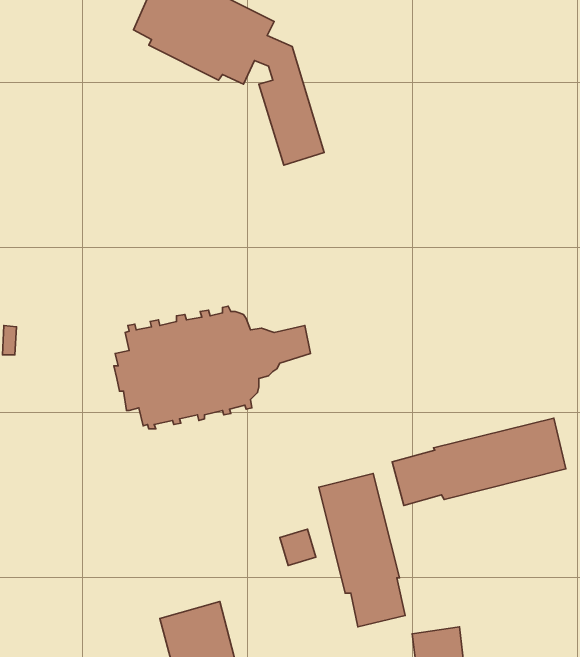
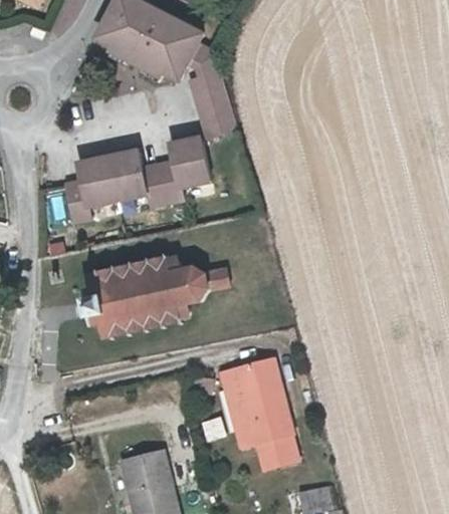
building: none -> [67,139,210,224]
building: [392,418,566,506] -> none

